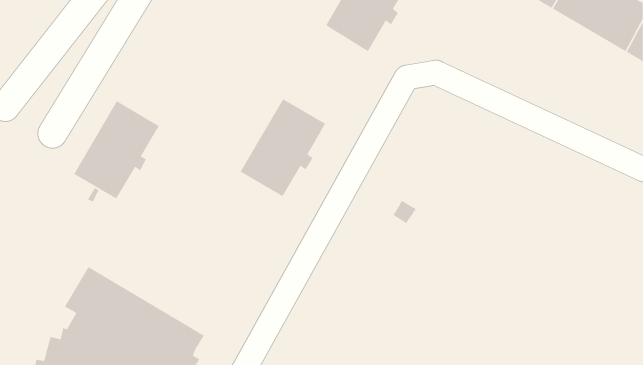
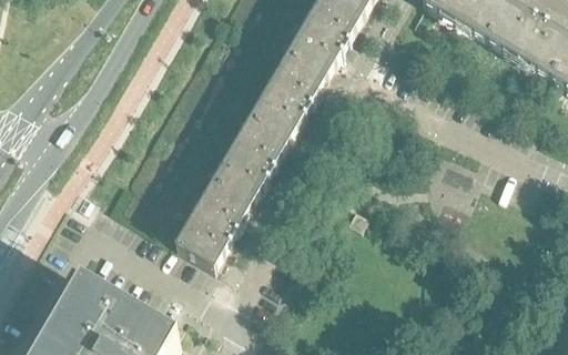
building: none -> [250,53,324,139]
building: [73,100,160,200] -> [174,181,250,267]

